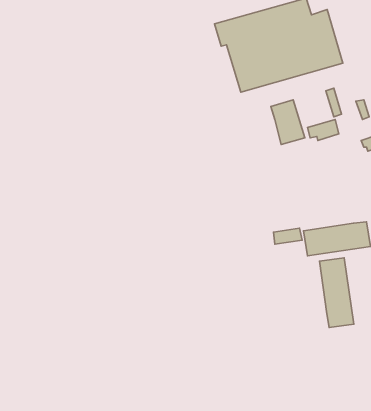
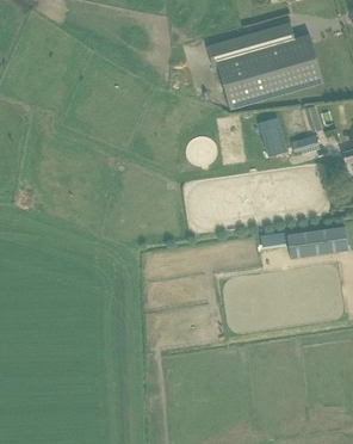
building: [320,258,354,327] -> none

